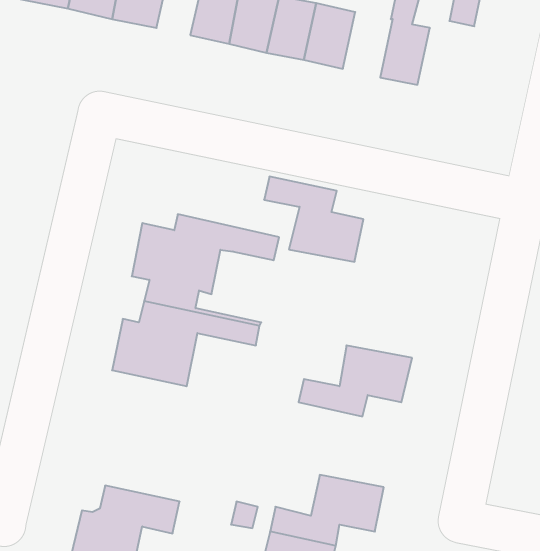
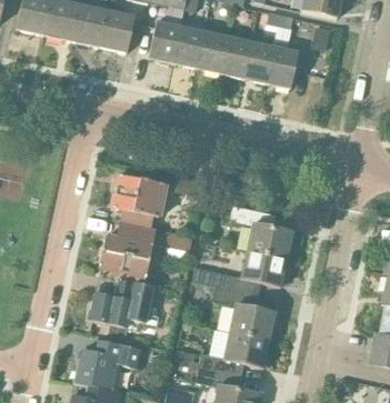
building: none -> [243,42,274,83]
building: [264,177,363,262] -> [230,205,292,259]
building: none -> [88,282,152,331]
building: none -> [213,286,274,340]

